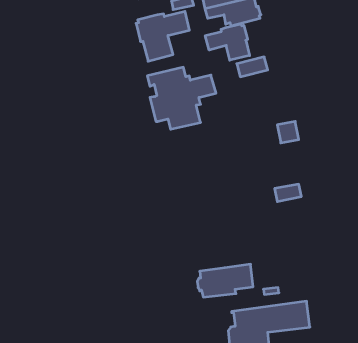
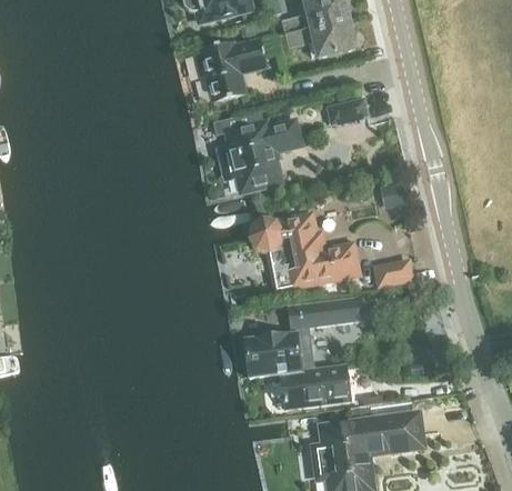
building: [205,24,250,60] -> none
building: none -> [248,214,358,290]
building: none -> [244,299,359,378]

